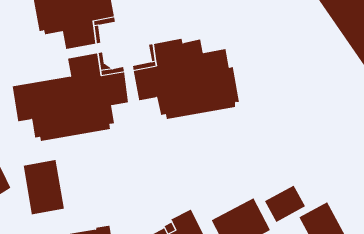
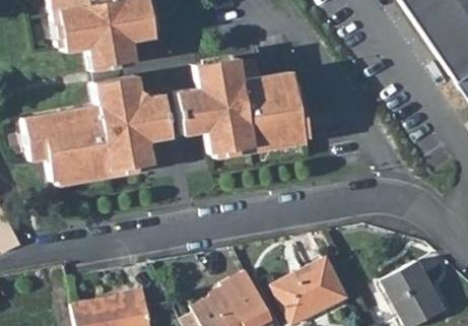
building: [23,159,64,215] -> none
building: [264,185,306,223] -> none

